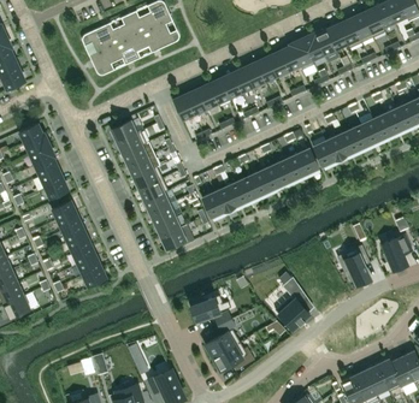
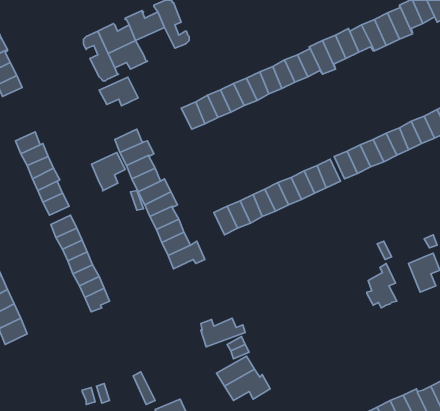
building: [130,26,166,53] -> [99,77,138,106]
building: none -> [92,152,125,191]
building: [275,277,309,330] -> none

